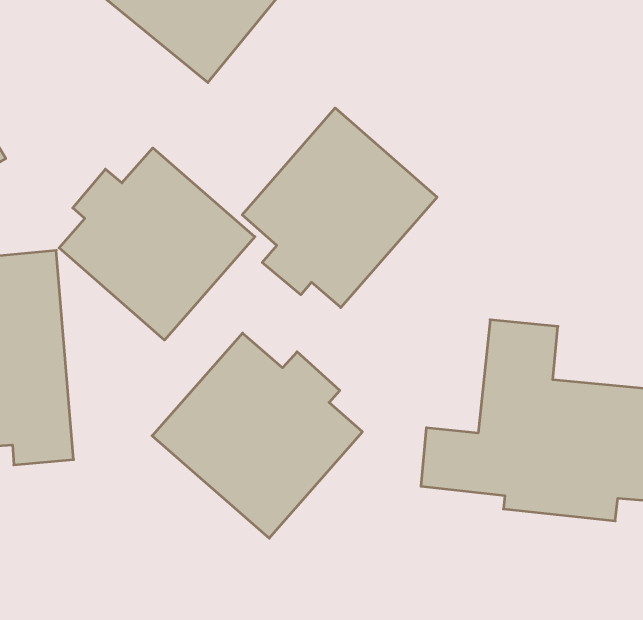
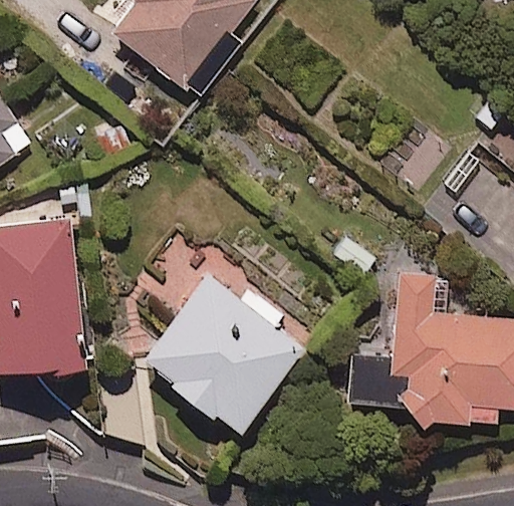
building: [242,108,437,308] -> none
building: [59,148,255,340] -> none

